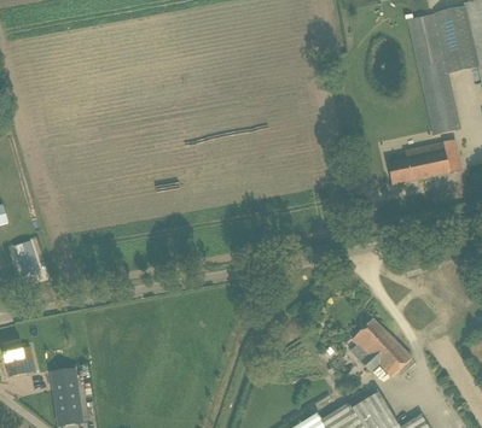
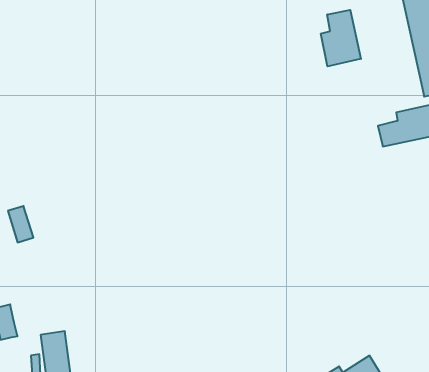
building: none -> [321,10,361,66]
building: [352,318,412,376] -> none

